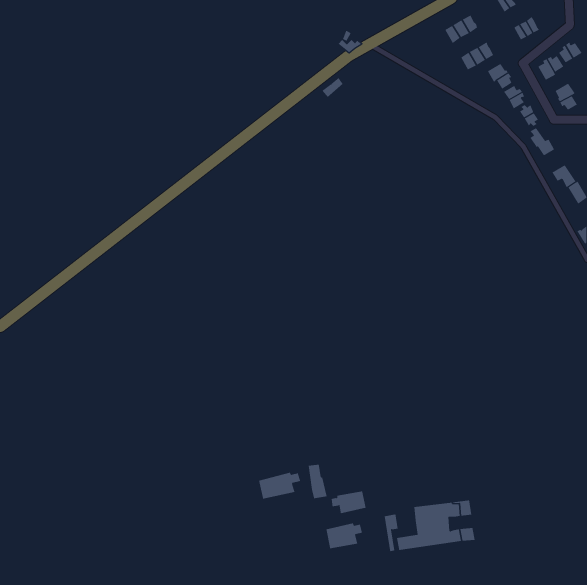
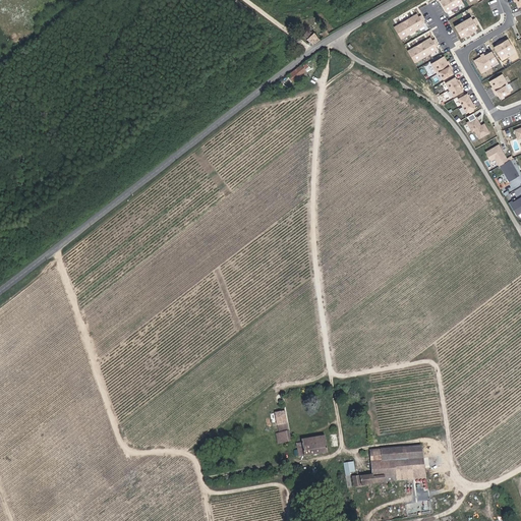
building: [258,472,301,499] -> none
building: [326,522,363,549] -> none

